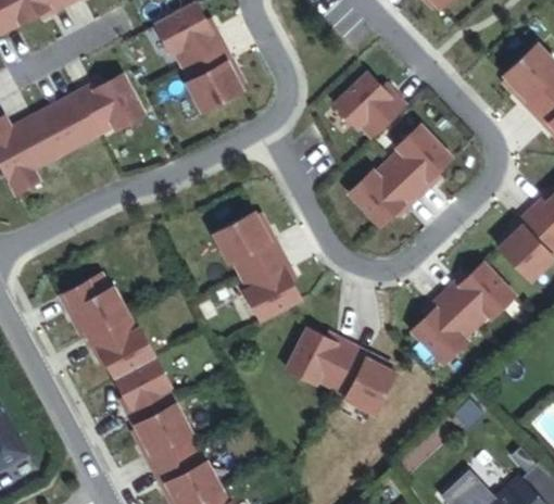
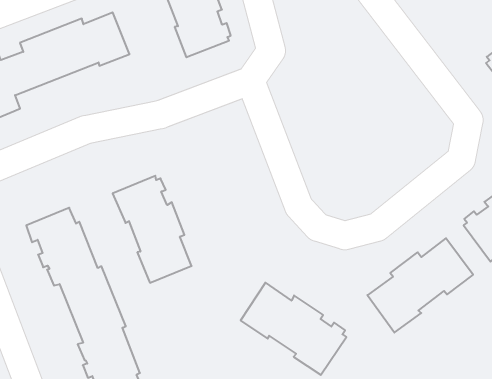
building: [335,72,405,137] -> none
building: [349,124,452,226] -> none
building: [212,212,300,320] -> [113,176,192,283]

